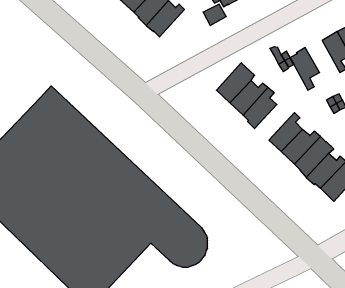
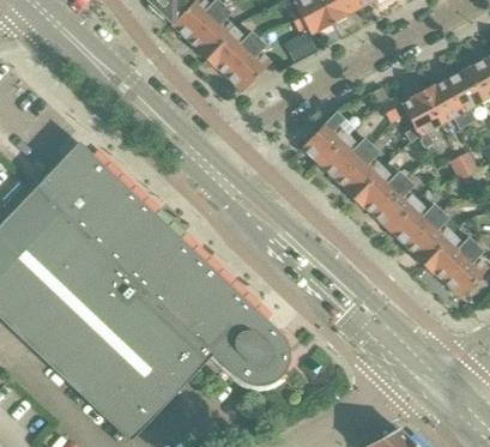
building: none -> [225,38,271,91]
building: none -> [422,80,468,128]
building: none -> [353,167,407,215]

